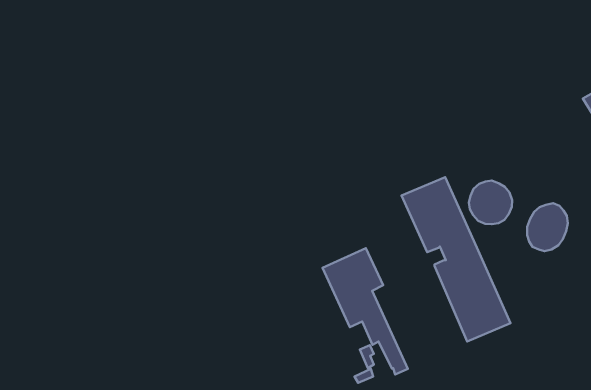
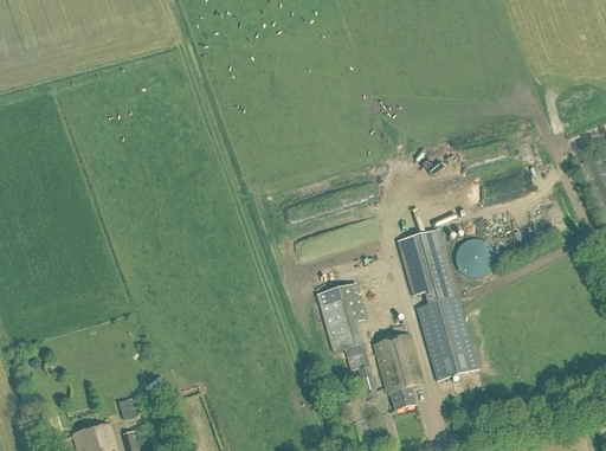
building: [527,203,568,251] -> none
building: none -> [372,333,421,410]

